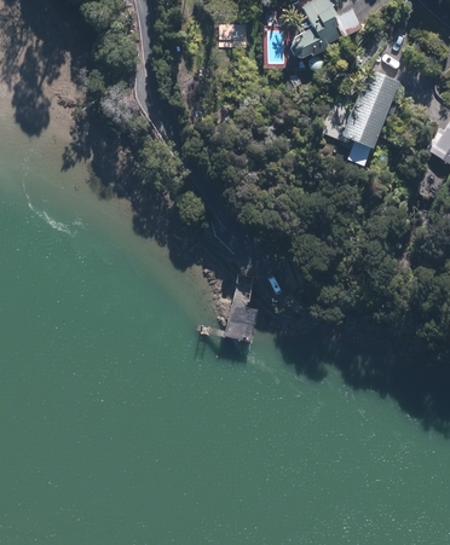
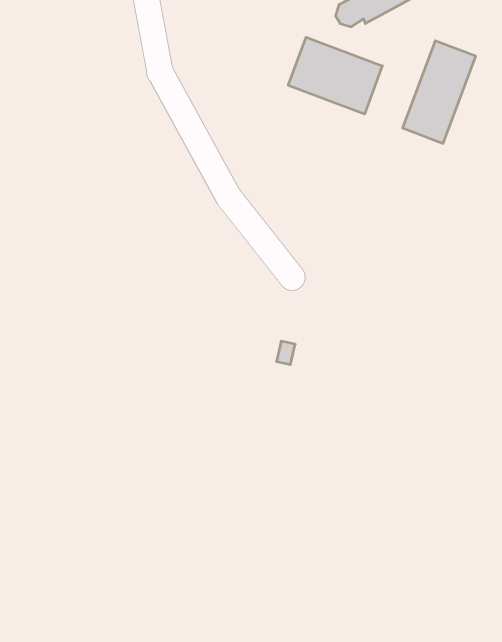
building: none -> [288,37,382,114]

